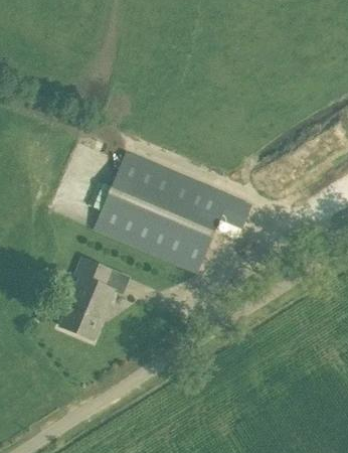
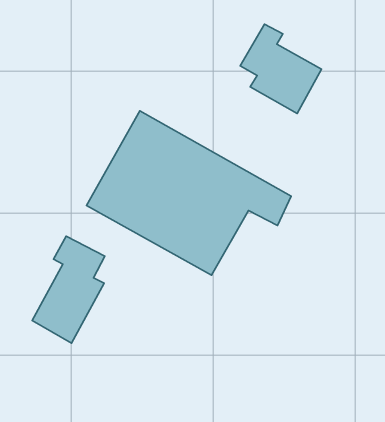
building: none -> [240,24,322,114]

